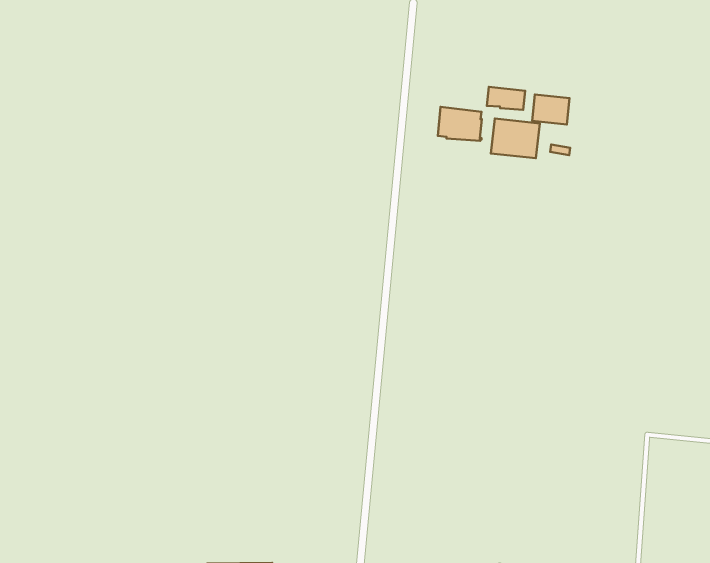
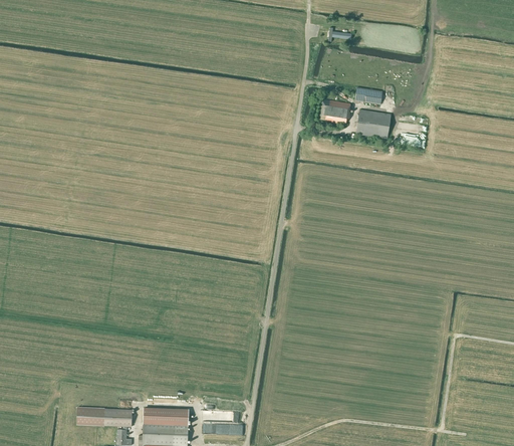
building: [532,94,569,125] -> none

